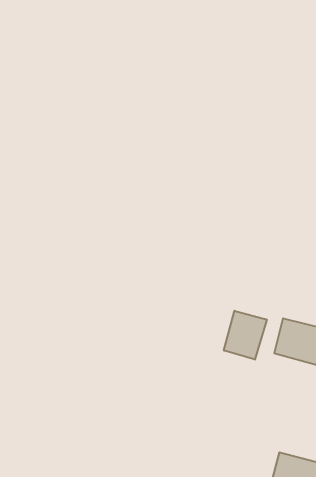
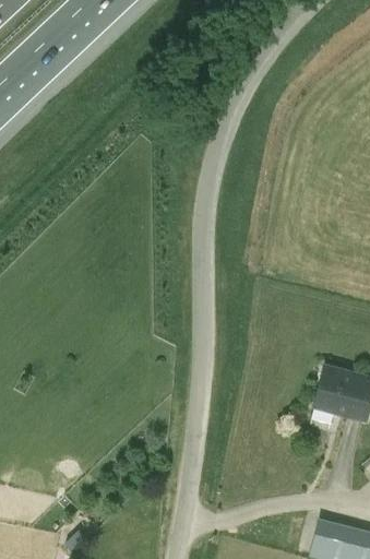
building: [224,311,267,360] -> none

